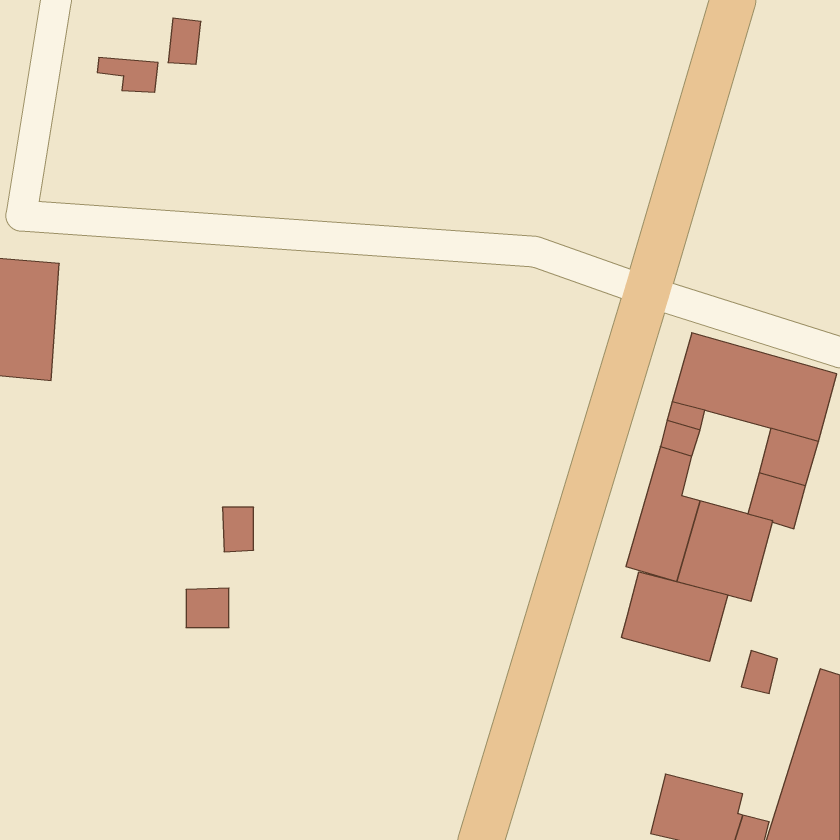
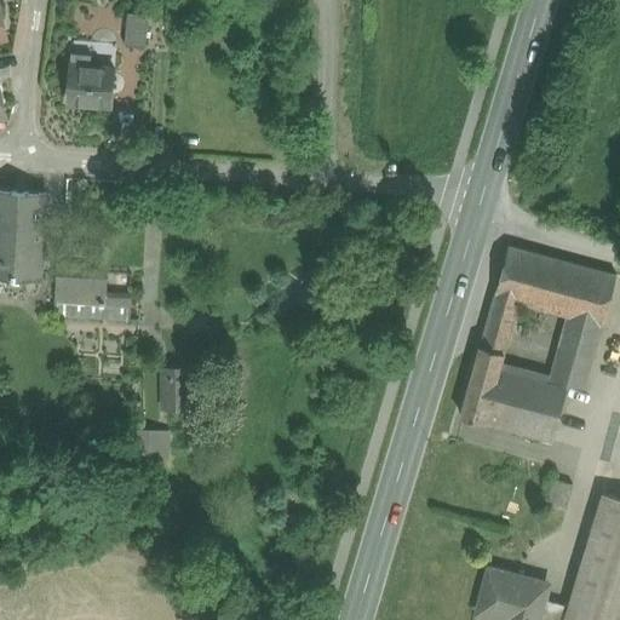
building: none -> [68,54,114,107]
building: none -> [54,270,130,321]
building: [621,572,728,661] -> none

